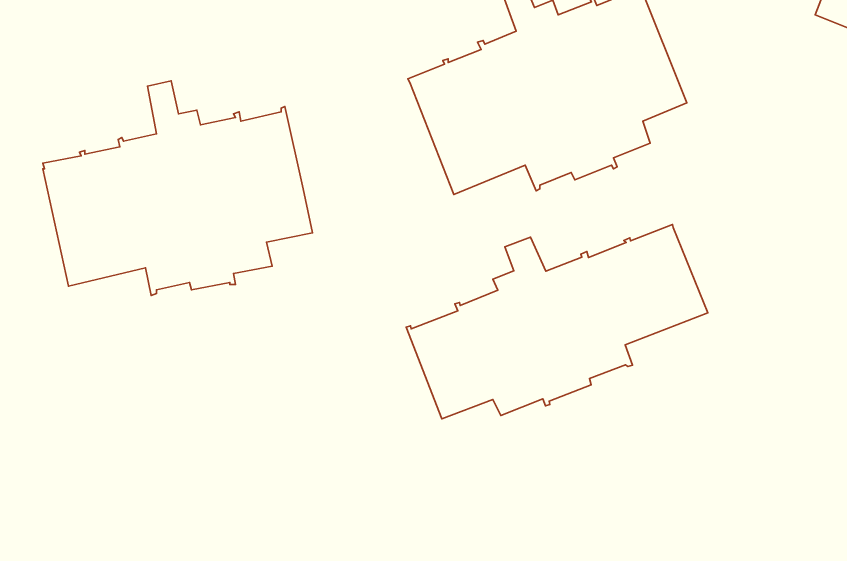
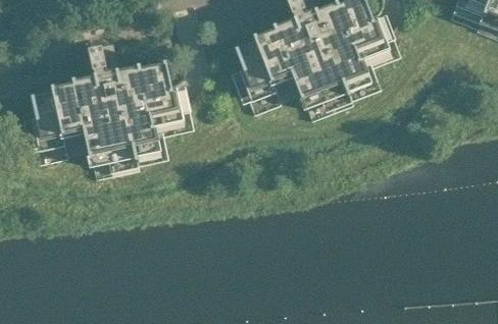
building: [406,224,708,419] -> none

